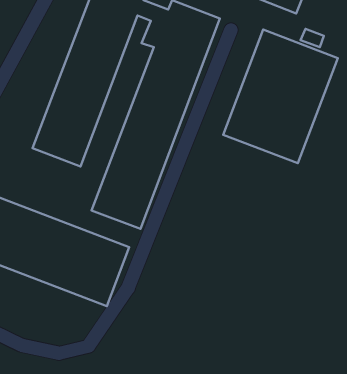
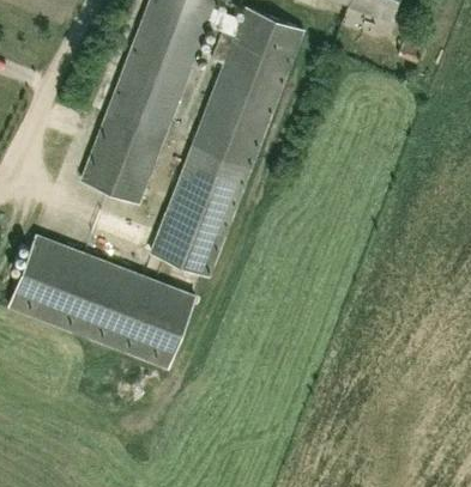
building: [223,29,338,163] -> none

